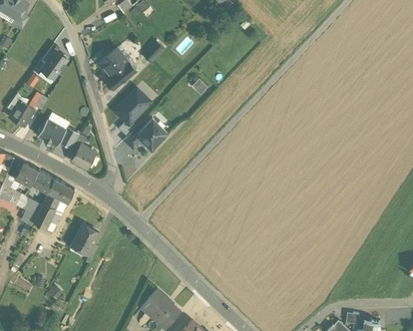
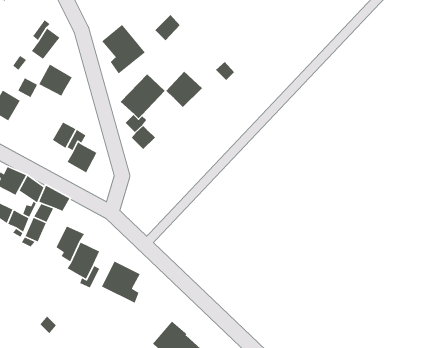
building: [137,118,167,148] -> [166,71,203,108]
building: [38,119,66,146] -> [38,63,73,97]
building: none -> [101,260,141,304]

